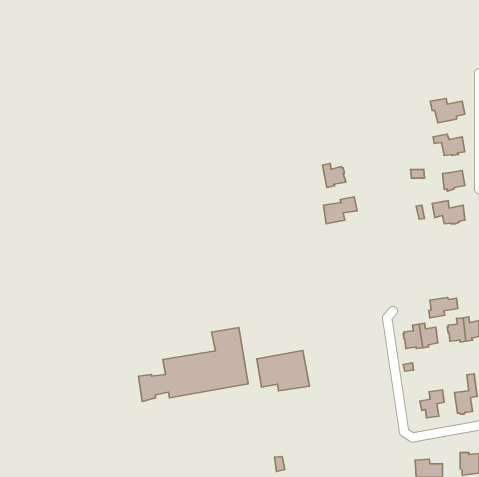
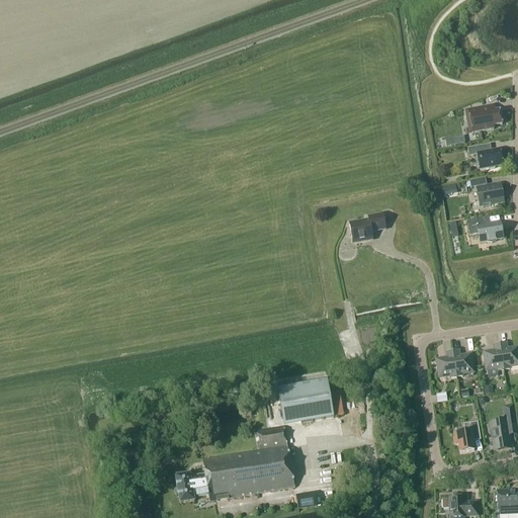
building: [323,164,346,187] -> none
building: [429,297,458,318] -> none
building: [138,328,248,402] -> [175,425,293,505]

